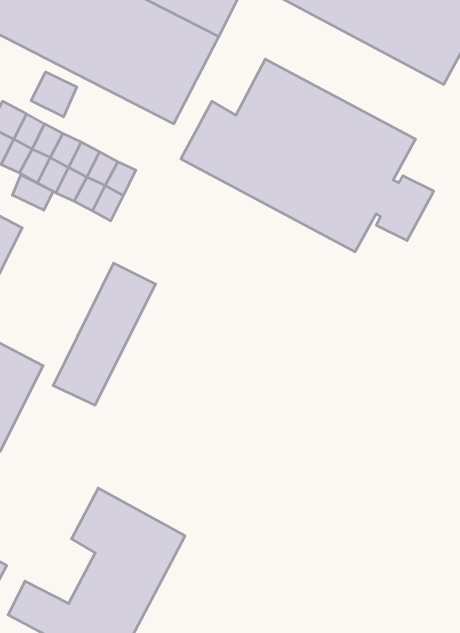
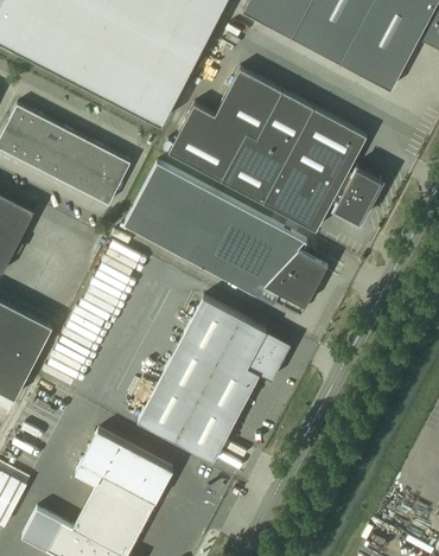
building: [31,72,77,117] -> none
building: none -> [122,164,326,311]
building: [12,175,53,210] -> none
building: none -> [136,298,290,461]

